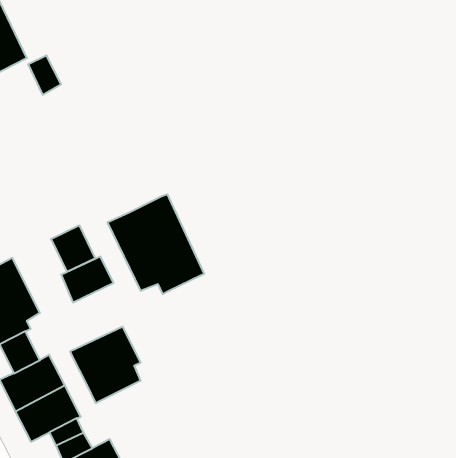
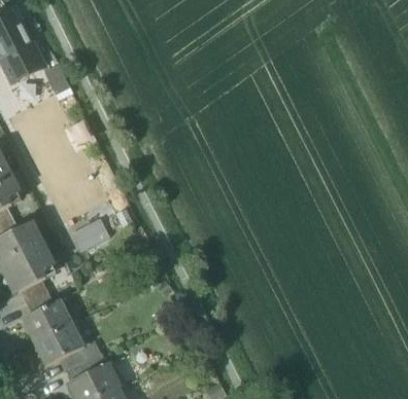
building: [108,194,204,294] -> none
building: [51,225,95,272] -> none
building: [70,327,141,403] -> none

